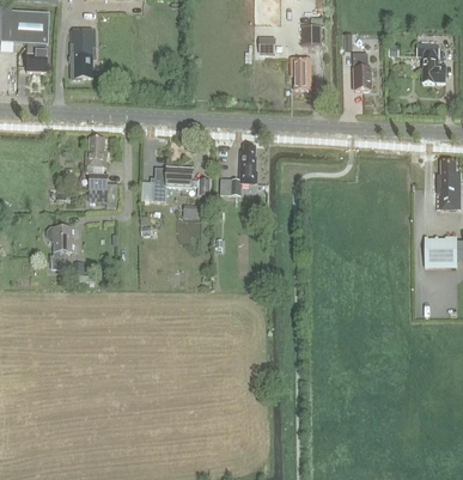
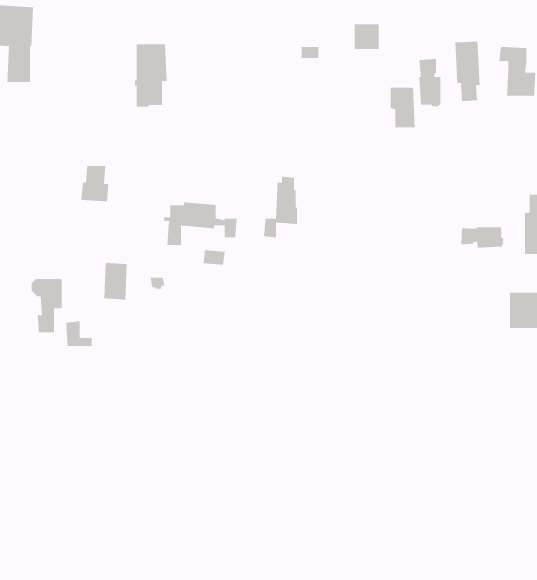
building: [69,29,96,79] -> [134,44,167,107]
building: none -> [455,41,480,102]
building: [291,57,311,90] -> [390,87,415,128]
building: [89,172,108,202] -> [103,262,128,300]
building: none -> [461,227,504,248]

